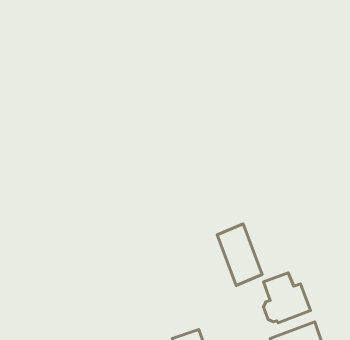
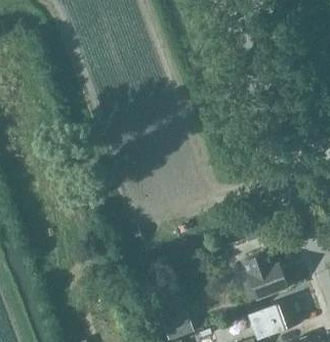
building: [217,224,262,286] -> none

